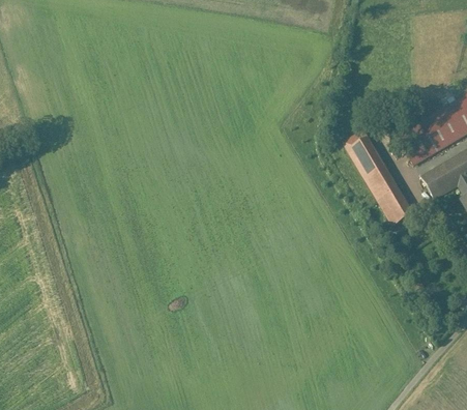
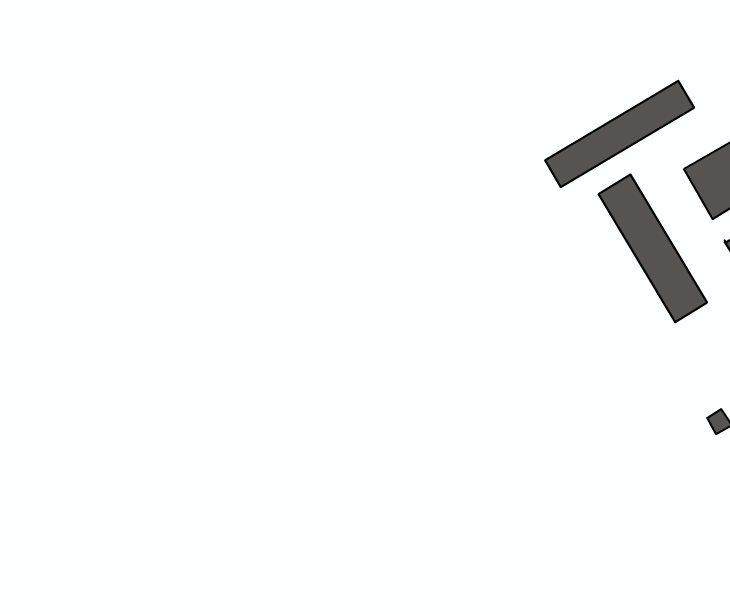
building: none -> [545,81,694,187]

